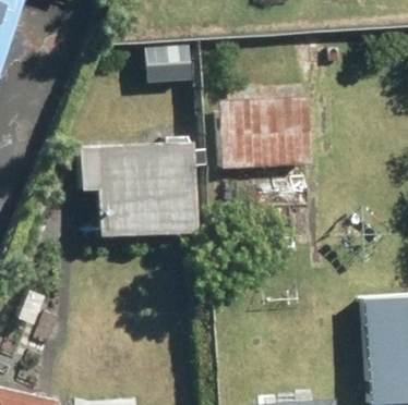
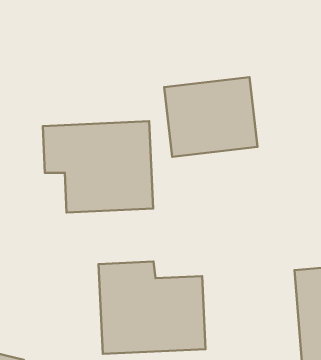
building: none -> [99,262,206,354]

